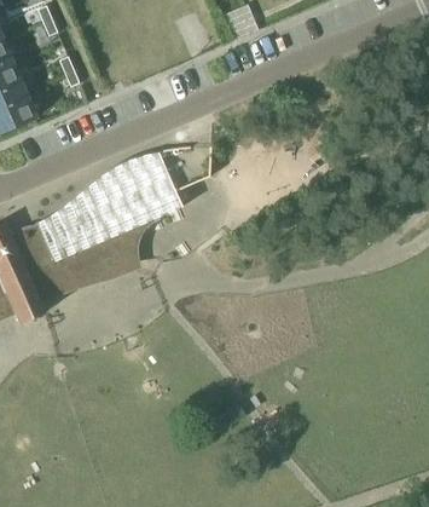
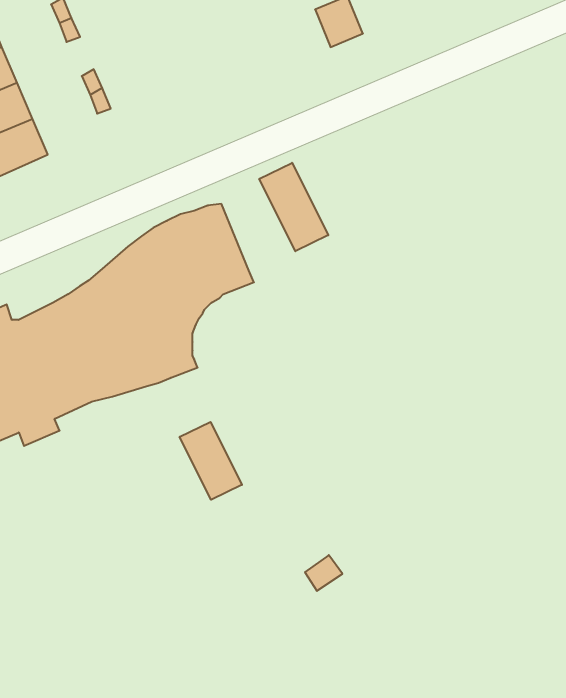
building: none -> [259,163,328,251]
building: none -> [180,422,242,500]

